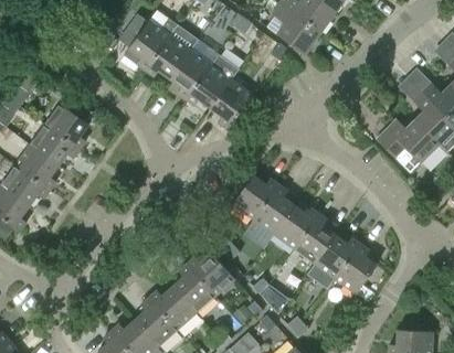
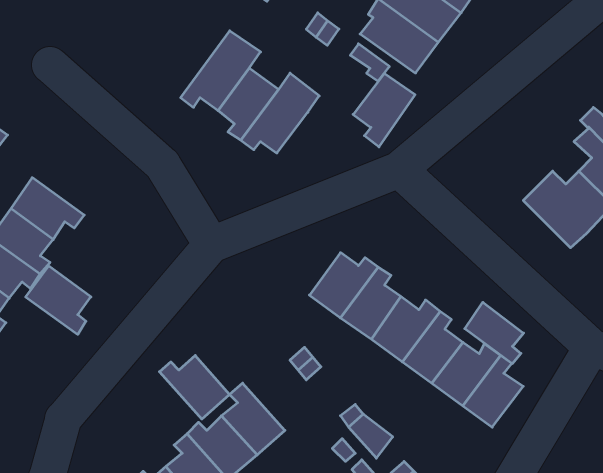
building: [124,10,178,71] -> none
building: [210,81,252,130] -> [353,74,415,147]
building: [44,104,88,150] -> [26,266,91,334]
building: none -> [465,302,524,364]
building: [187,253,234,296] -> [159,355,230,419]

